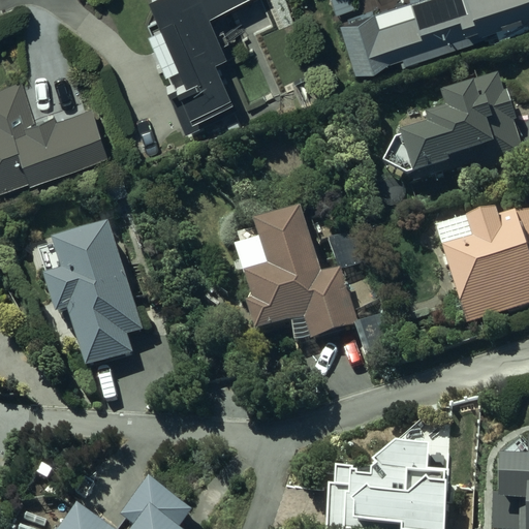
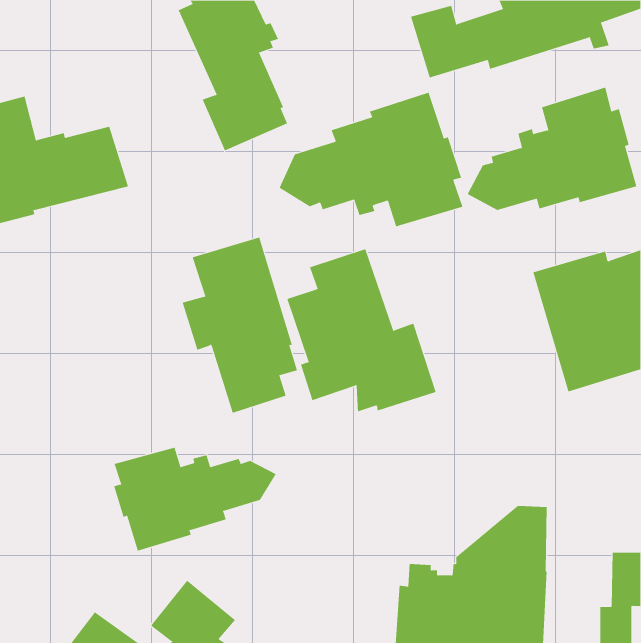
building: none -> [279,92,463,227]
building: [48,220,143,365] -> [182,237,298,413]
building: none -> [113,447,276,551]

